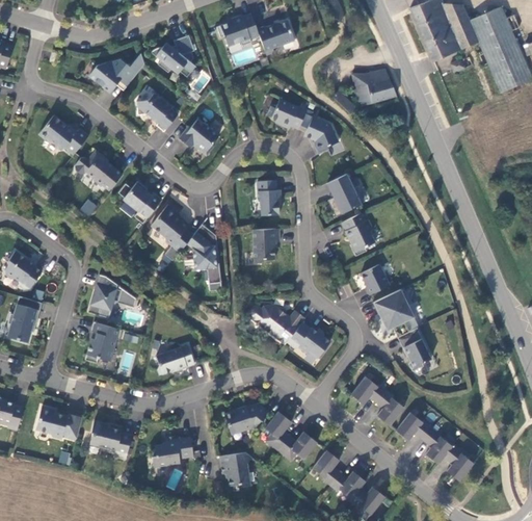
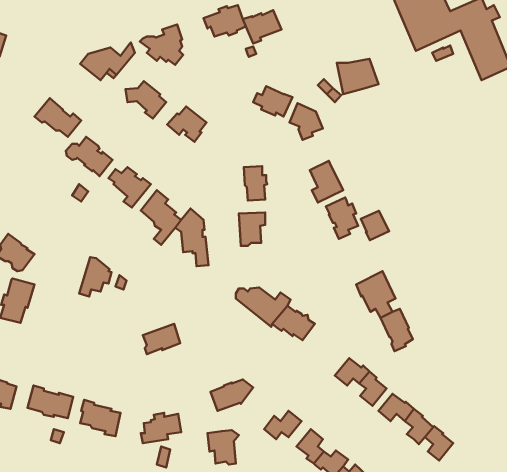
building: [361,264,390,294] -> [361,211,389,240]
building: [85,320,122,362] -> none
building: [265,411,292,450] -> none

